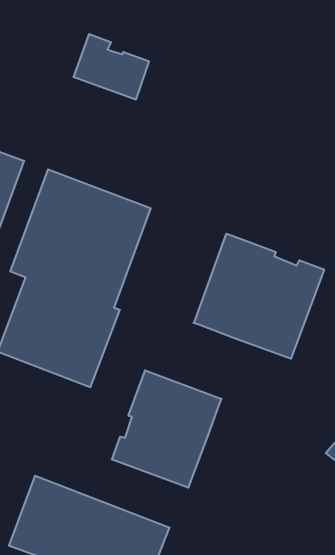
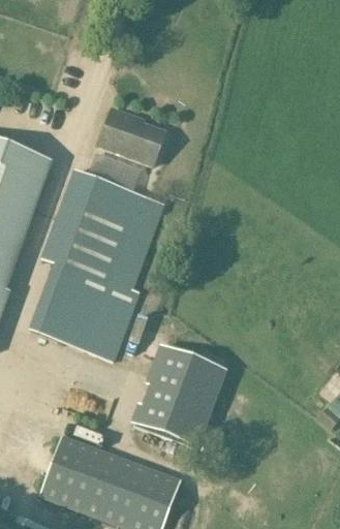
building: [73,34,149,99] -> [97,106,163,163]
building: [193,234,324,359] -> none

